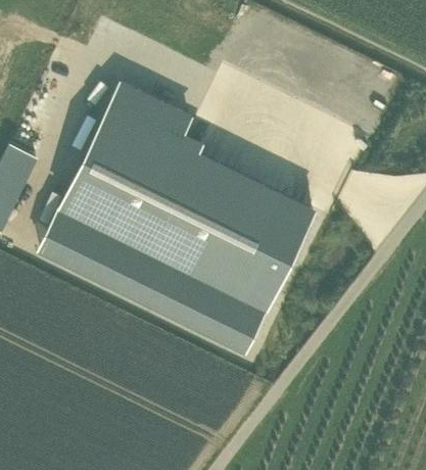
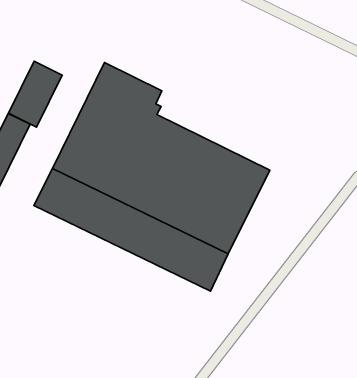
building: none -> [8,61,62,127]

